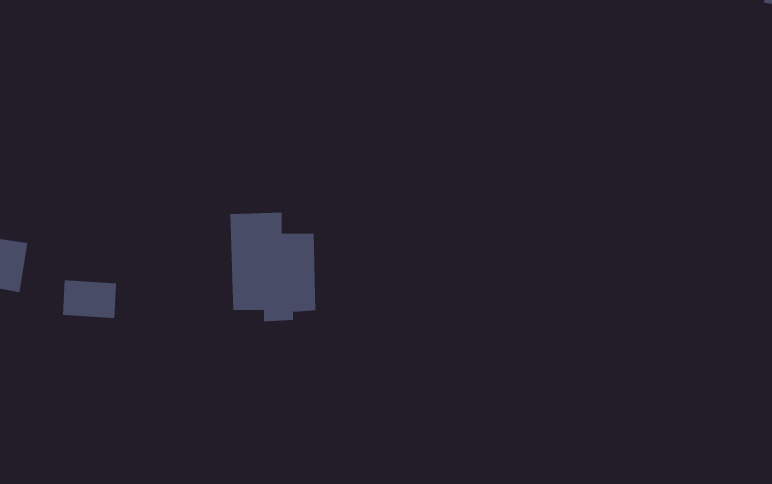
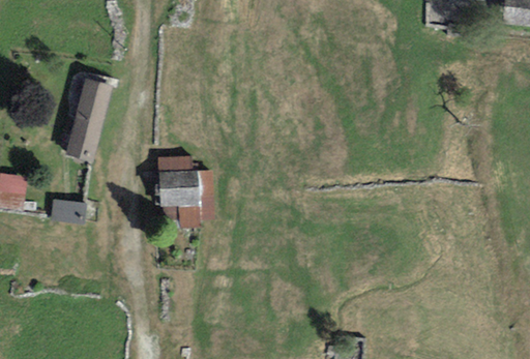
building: none -> [65,79,113,161]

